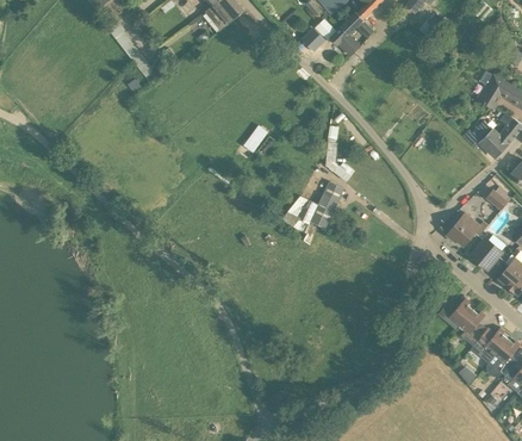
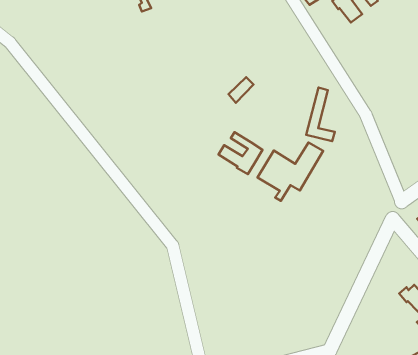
building: none -> [219,132,262,174]

